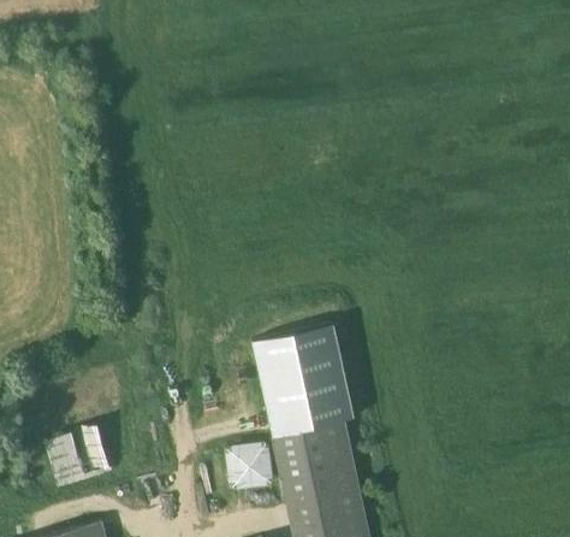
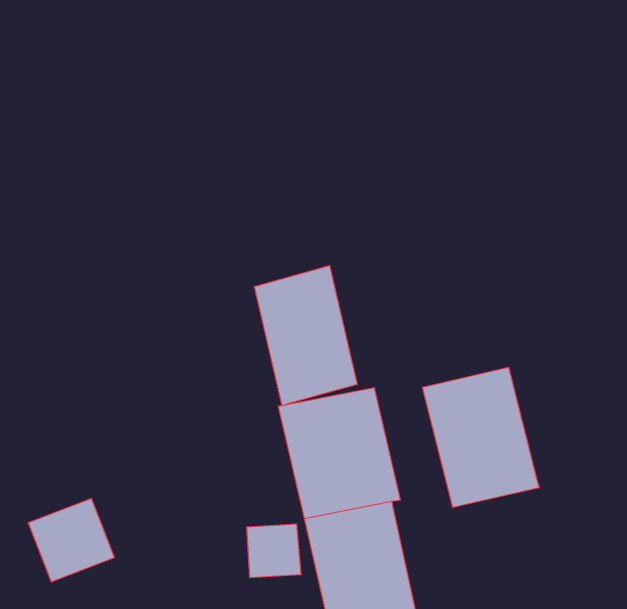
building: none -> [255,265,357,406]
building: none -> [422,367,539,508]

